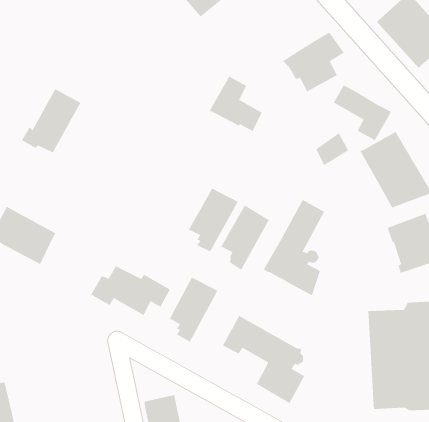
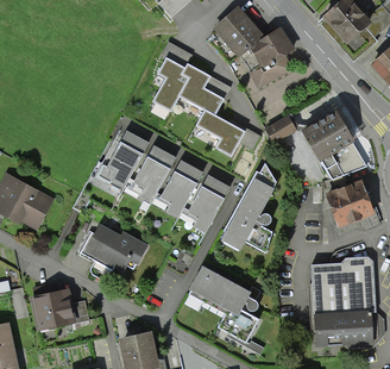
building: none -> [216,7,265,54]
building: none -> [152,56,195,110]
building: [333,84,392,141] -> [195,107,245,155]
building: [21,88,82,153] -> [98,130,149,184]
building: [169,276,218,343] -> [134,144,176,200]
building: none -> [36,292,89,339]

